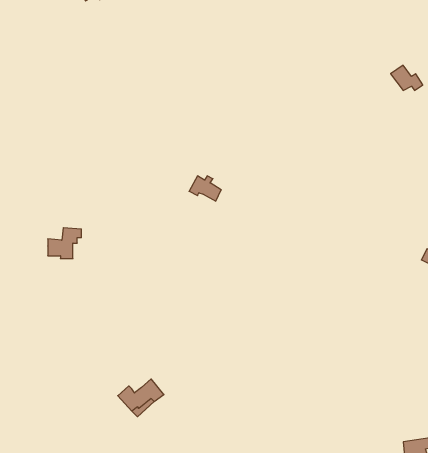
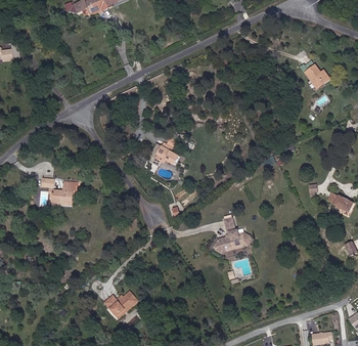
building: none -> [214,217,249,248]

